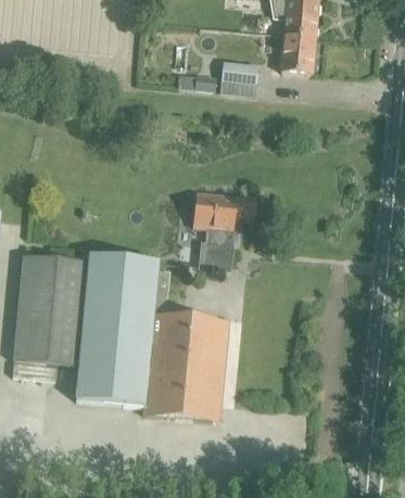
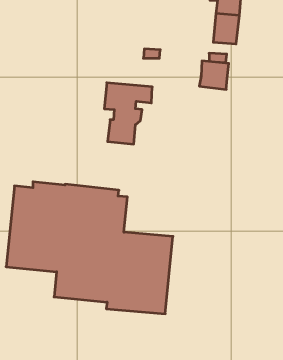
building: [218,59,256,95] -> [199,61,229,89]
building: [192,192,254,271] -> [104,83,152,144]

